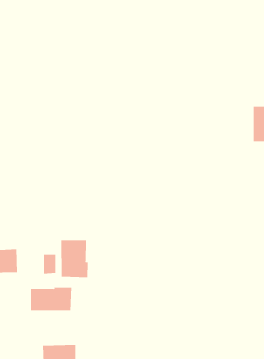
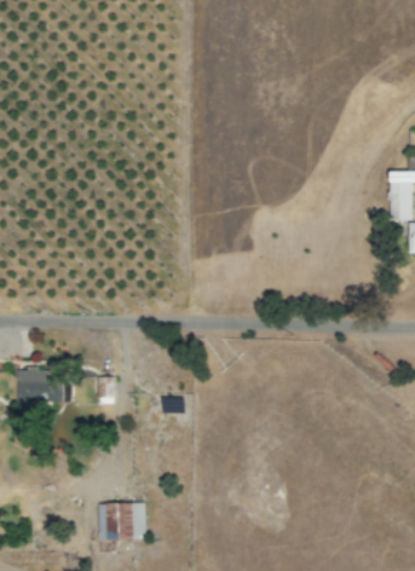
building: [61,239,88,278] -> none
building: [30,287,72,311] -> none

